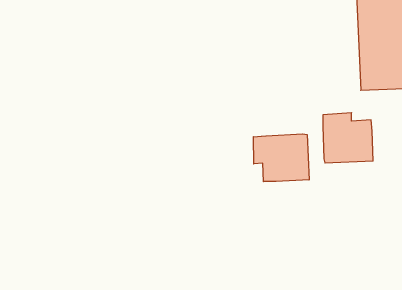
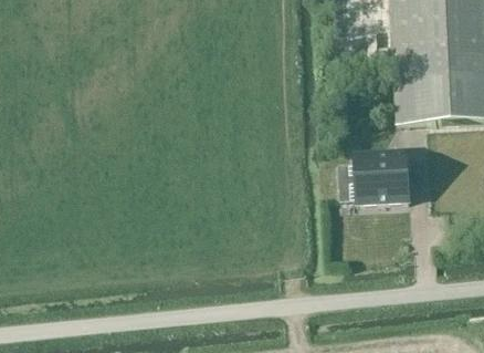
building: [253,134,309,182] -> none

